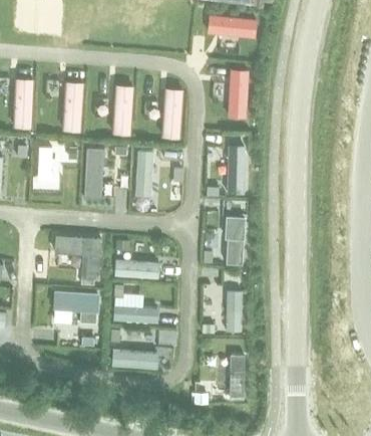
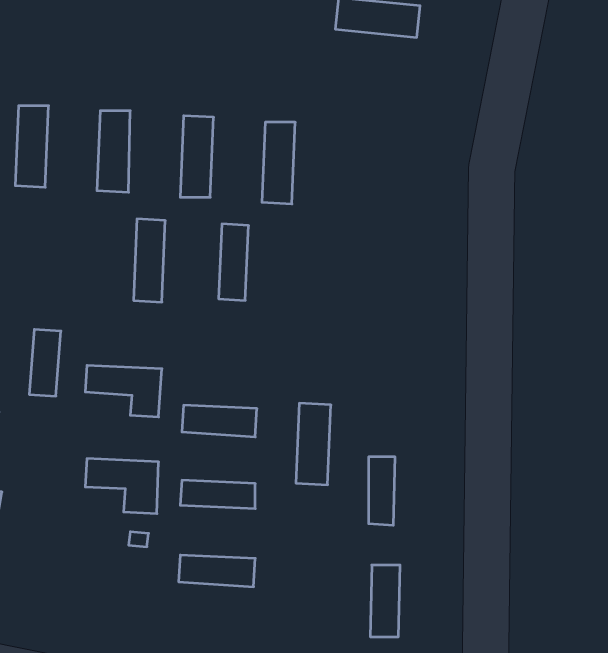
building: [228,69,248,118] -> none
building: [227,145,246,194] -> none
building: [37,155,56,195] -> [29,329,61,396]
building: [224,216,245,265] -> [296,403,331,485]

